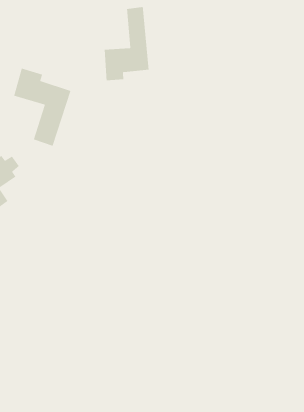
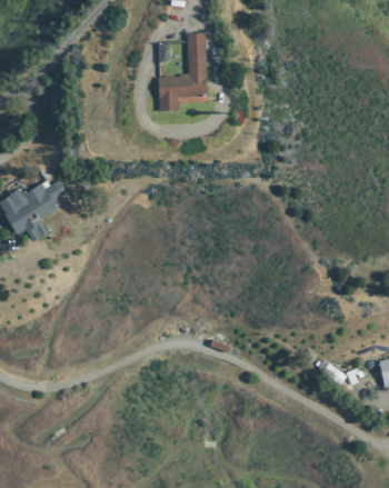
building: [13,68,71,147] -> none

